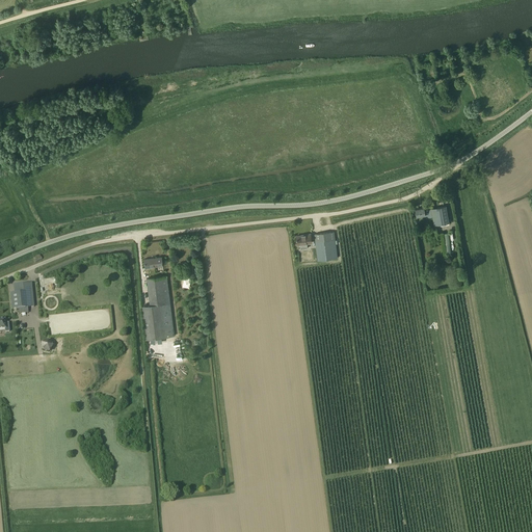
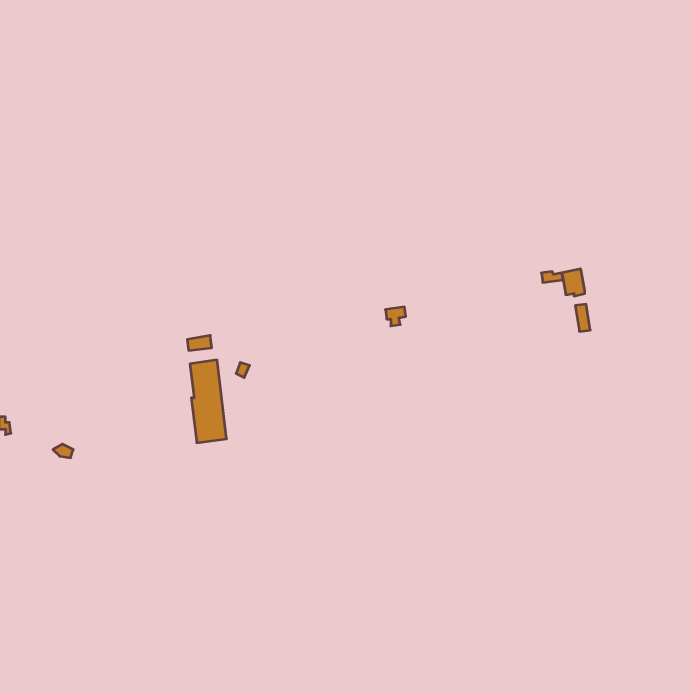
building: [314,232,337,261] -> none
building: [9,284,33,310] -> none

